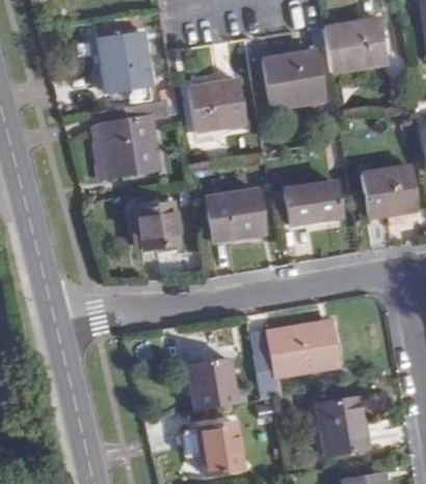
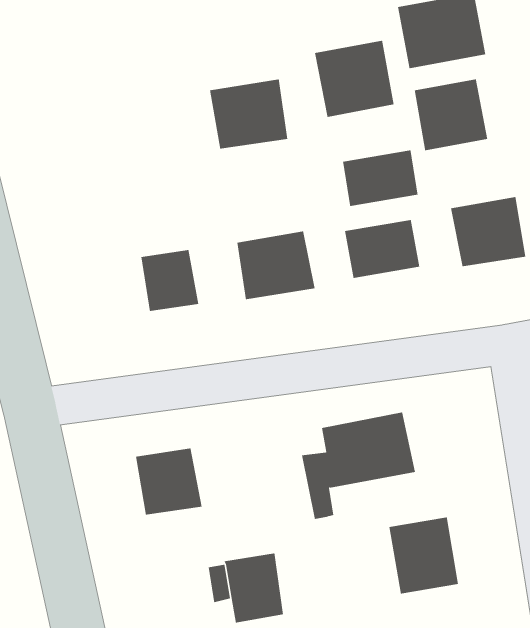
building: [99,31,152,92] -> none
building: none -> [414,79,488,151]
building: [95,100,169,177] -> none
building: none -> [343,150,418,207]
building: [189,360,238,409] -> [135,448,203,515]

